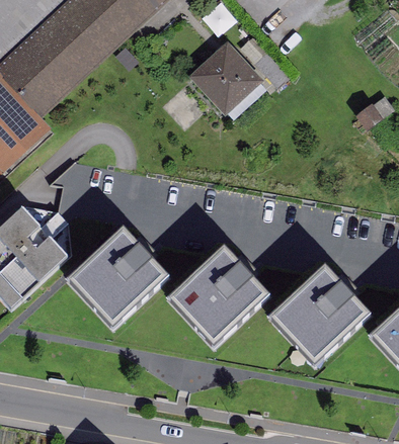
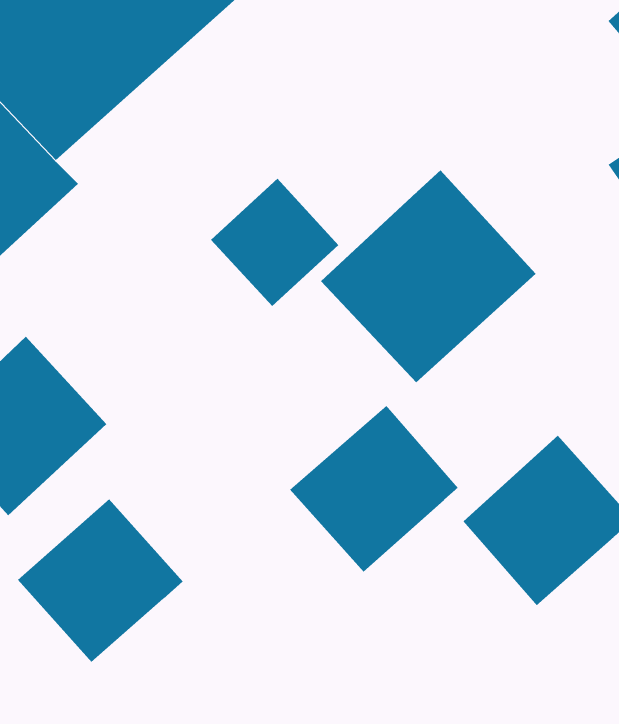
building: [189,37,263,111] -> [210,178,339,307]
building: none -> [320,170,537,383]
building: [71,231,166,325] -> [17,499,183,663]

